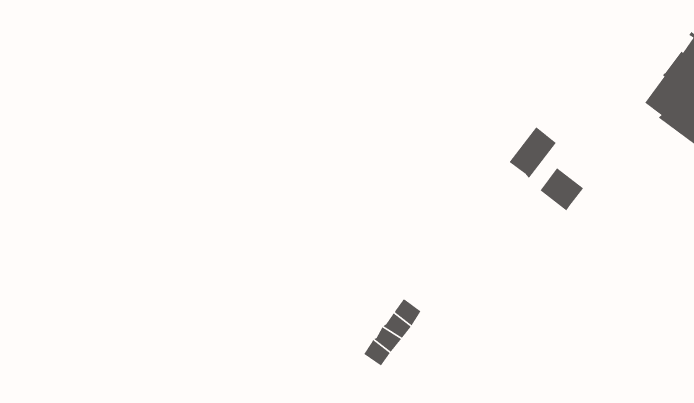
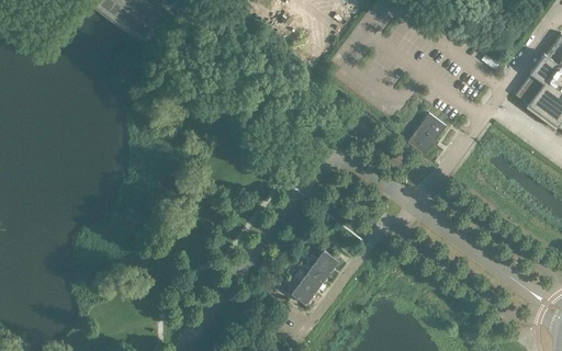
building: [539,167,584,212] -> none

